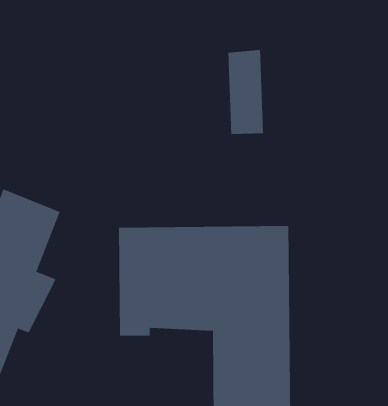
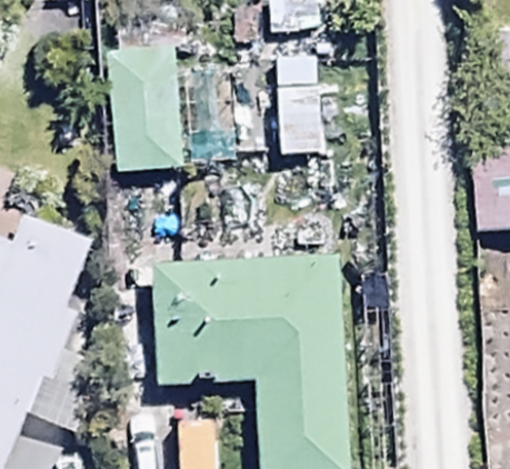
building: none -> [107,36,183,170]

